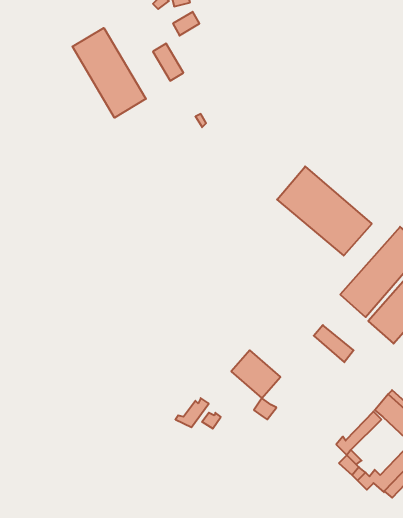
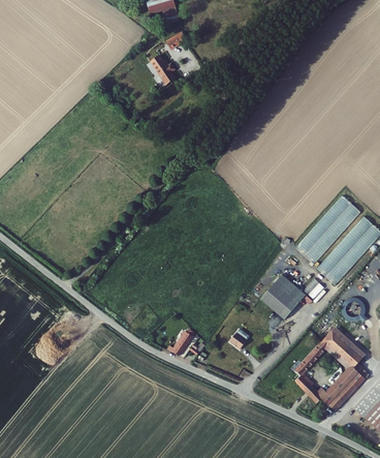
building: [72,28,146,118] -> none
building: [277,166,372,256] -> none
building: [231,350,280,398] -> [259,281,297,318]

